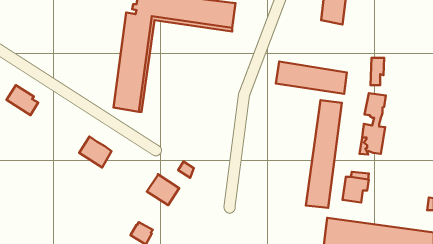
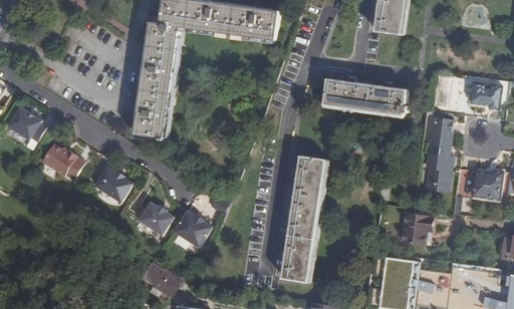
building: none -> [468,83,500,107]
building: [306,100,342,208] -> [281,157,323,283]
building: none -> [41,144,83,180]
building: none -> [472,170,502,198]
building: none -> [138,203,172,236]

